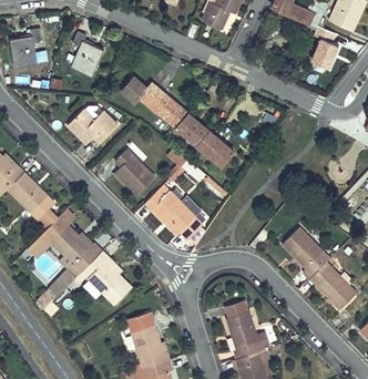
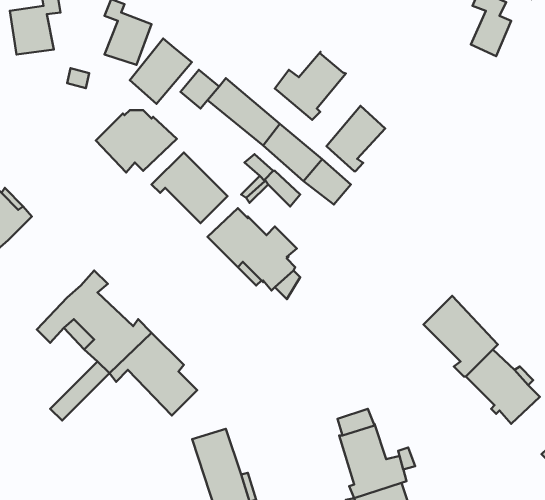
building: none -> [130,39,192,104]
building: none -> [275,52,346,120]
building: none -> [326,106,385,171]
building: [8,174,55,227] -> none

